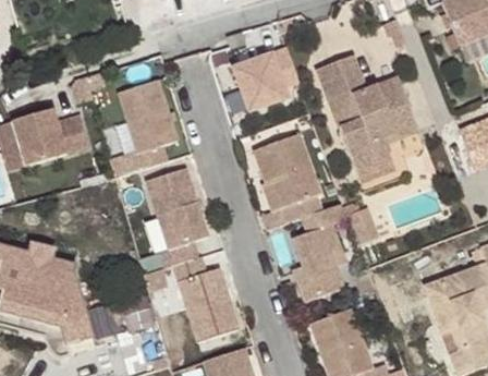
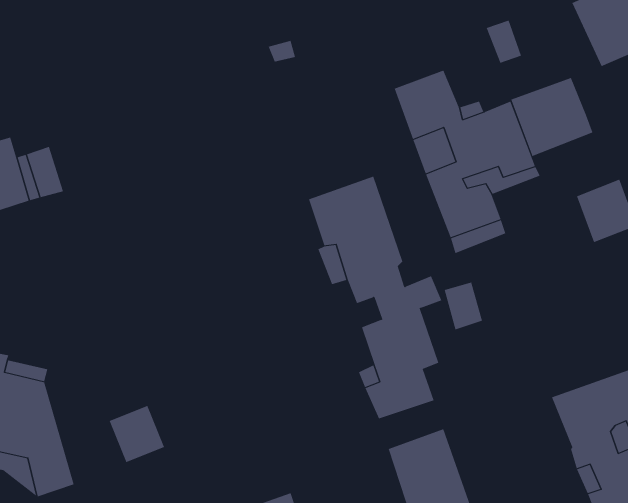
building: [233,51,298,114] -> none
building: none -> [510,77,593,157]
building: [120,81,178,171] -> none
building: [146,171,239,344] -> none

